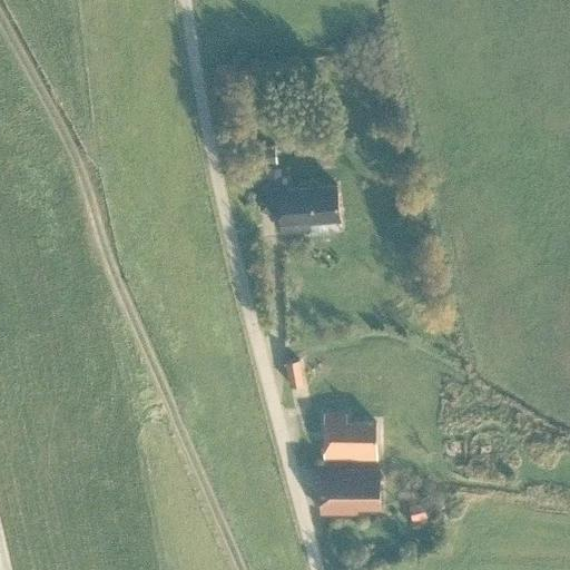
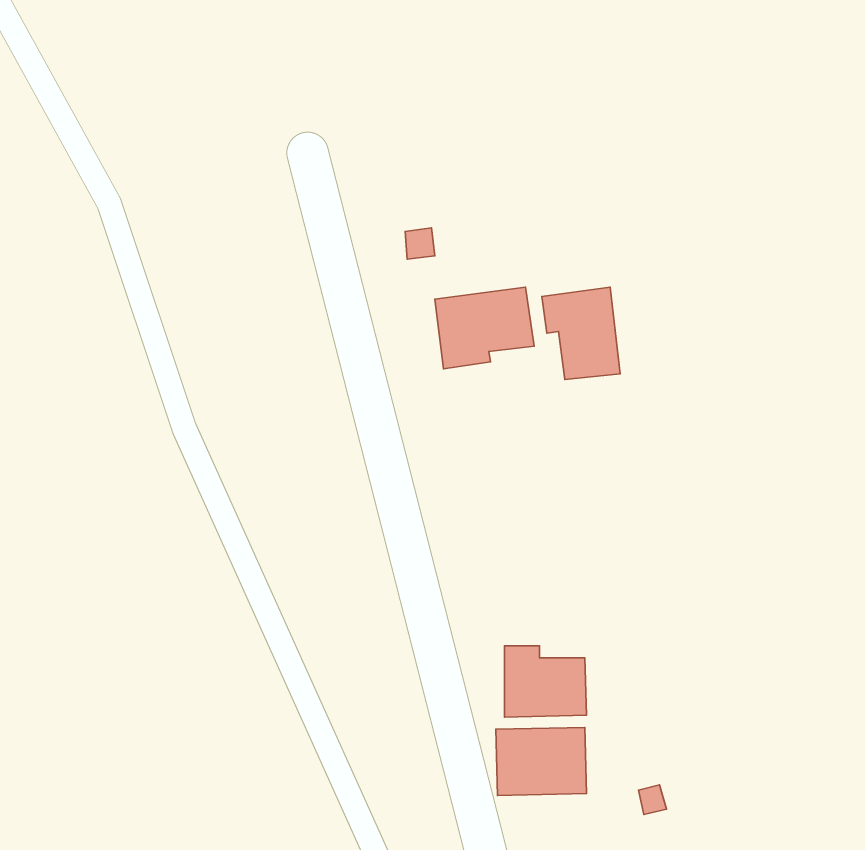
building: none -> [542,287,620,379]

